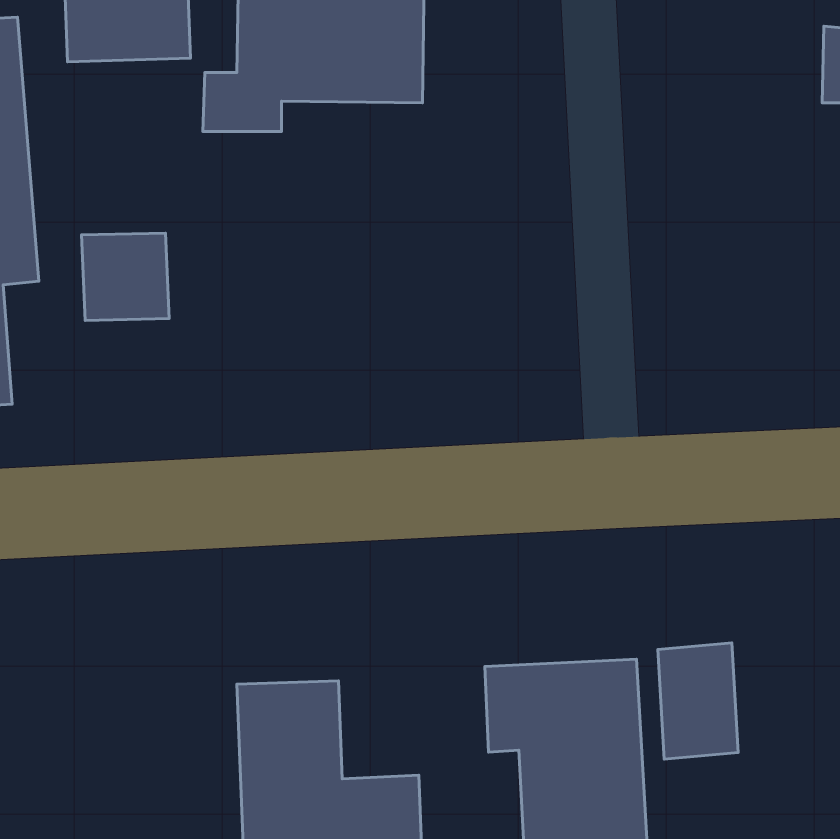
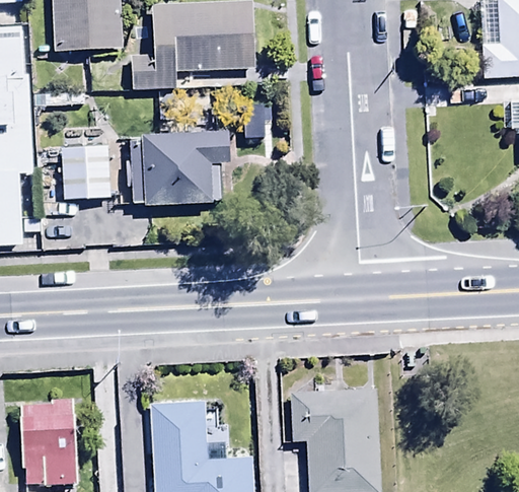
building: none -> [125,132,228,206]
building: [658,643,738,759] -> none
building: none -> [20,396,75,483]

